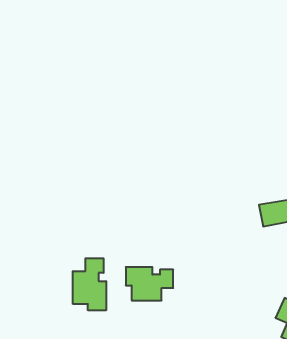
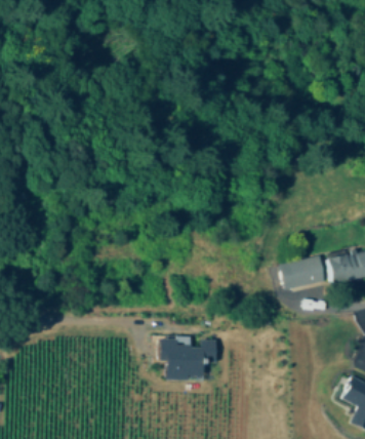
building: none -> [278,257,323,289]
building: [73,258,106,310] -> none

